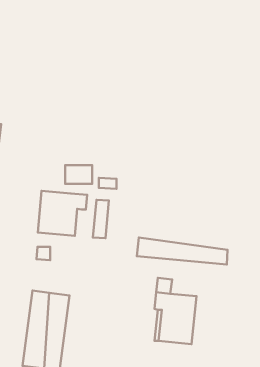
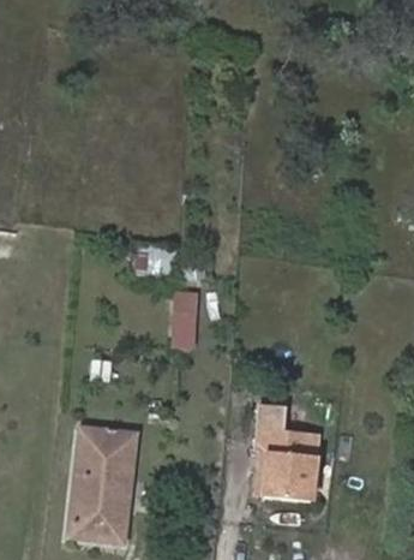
building: [38,191,87,236] -> none
building: [137,238,228,264] -> none

